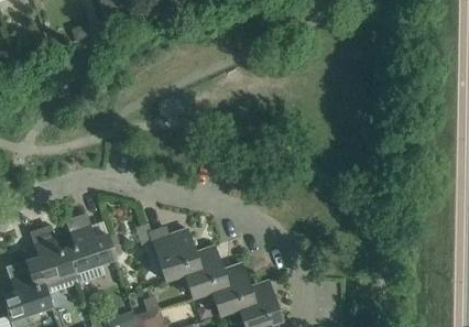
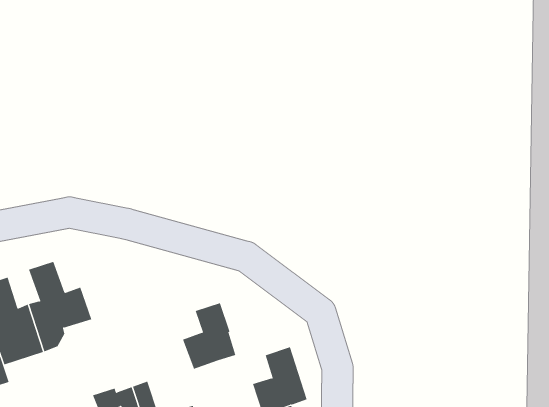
building: [150,226,200,279] -> none
building: [212,261,254,314] -> none

